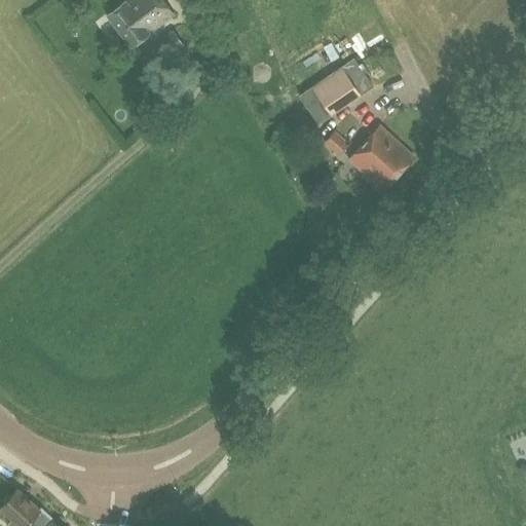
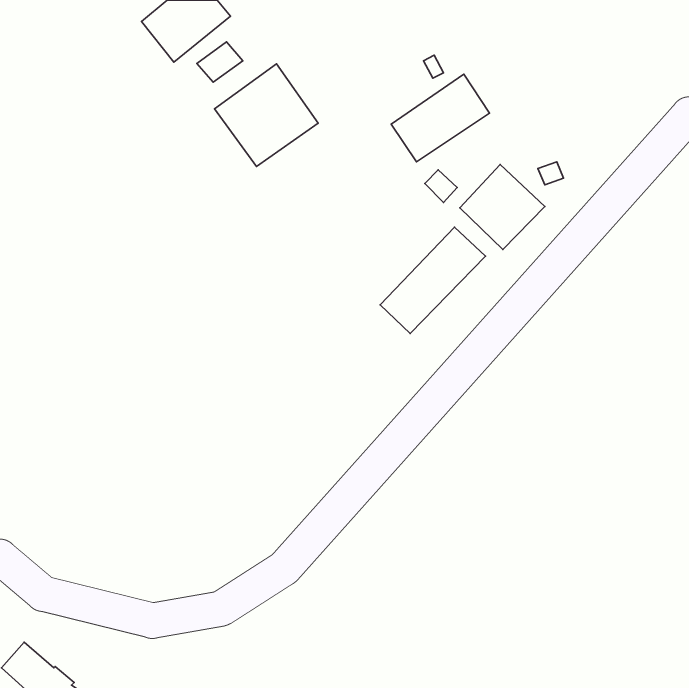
building: none -> [215,64,318,167]
building: none -> [380,227,485,334]

